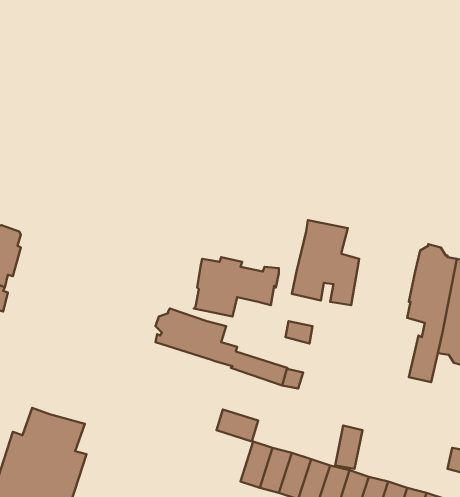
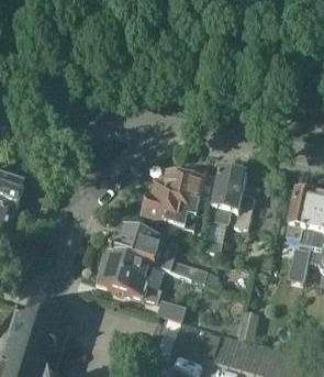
building: none -> [152,166,217,203]
building: none -> [94,251,159,299]

